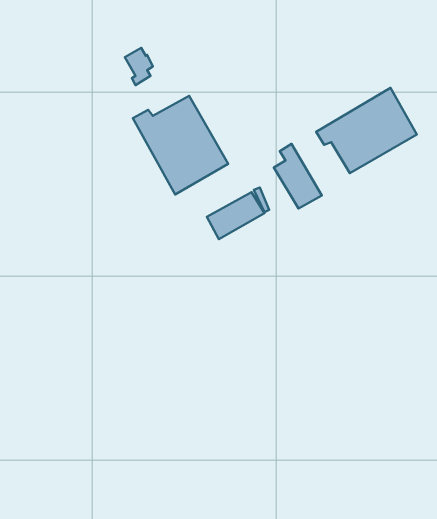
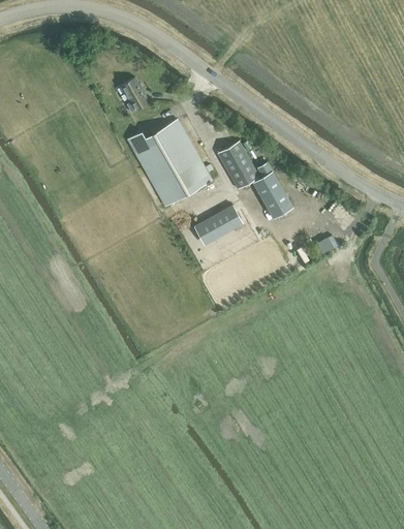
building: [316,88,417,173] -> none
building: none -> [217,142,259,190]

